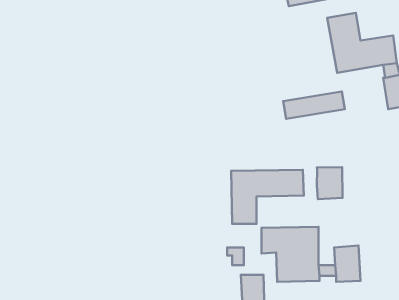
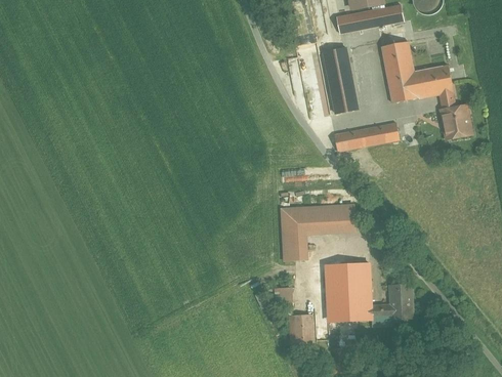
building: none -> [322,45,360,114]
building: [317,167,342,199] -> none

